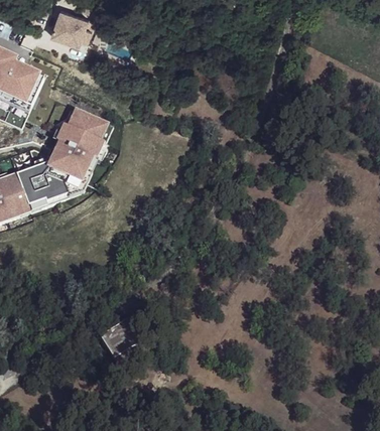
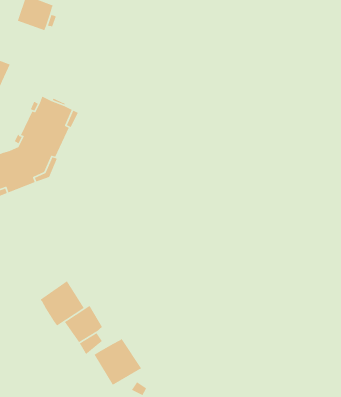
building: none -> [39,280,85,327]
building: none -> [94,338,142,386]

